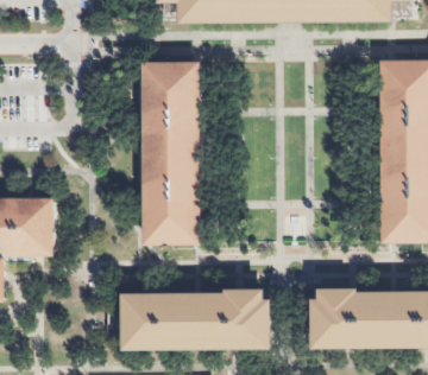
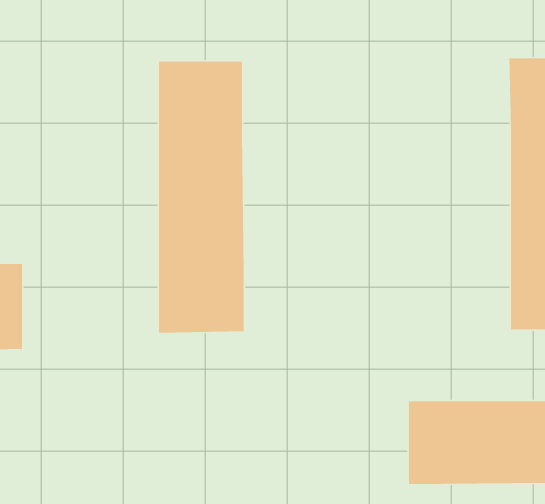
building: [122,292,272,350] -> none

